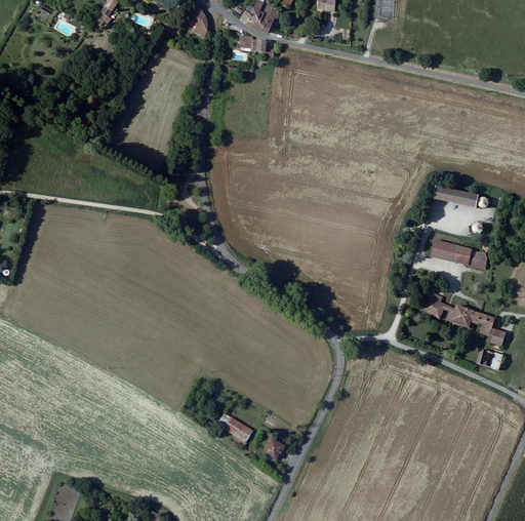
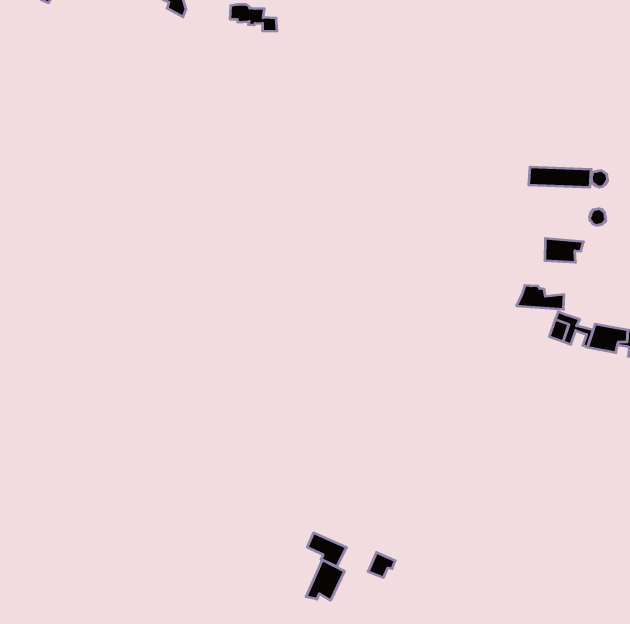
building: [451,245,486,267] -> [517,285,564,309]
building: none -> [306,560,344,600]

